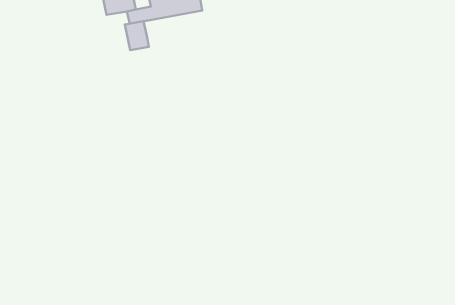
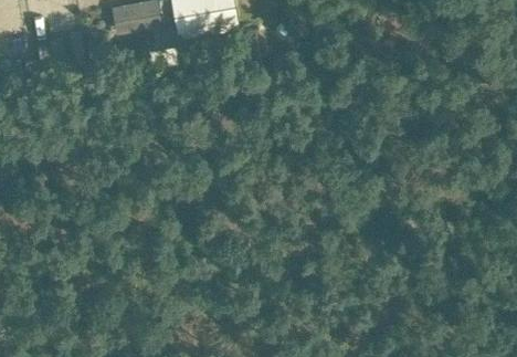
building: [125,21,149,50] -> none

